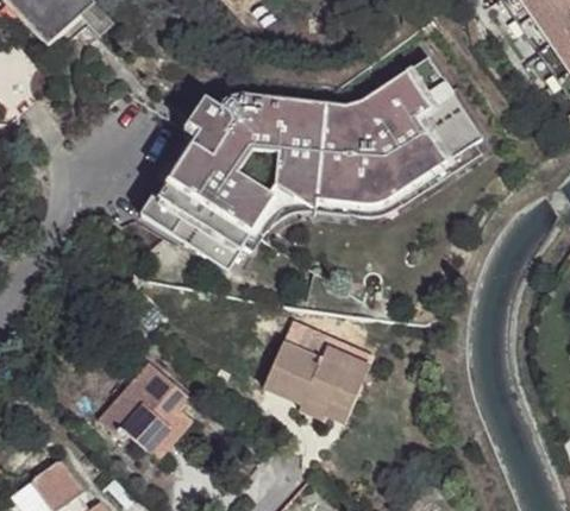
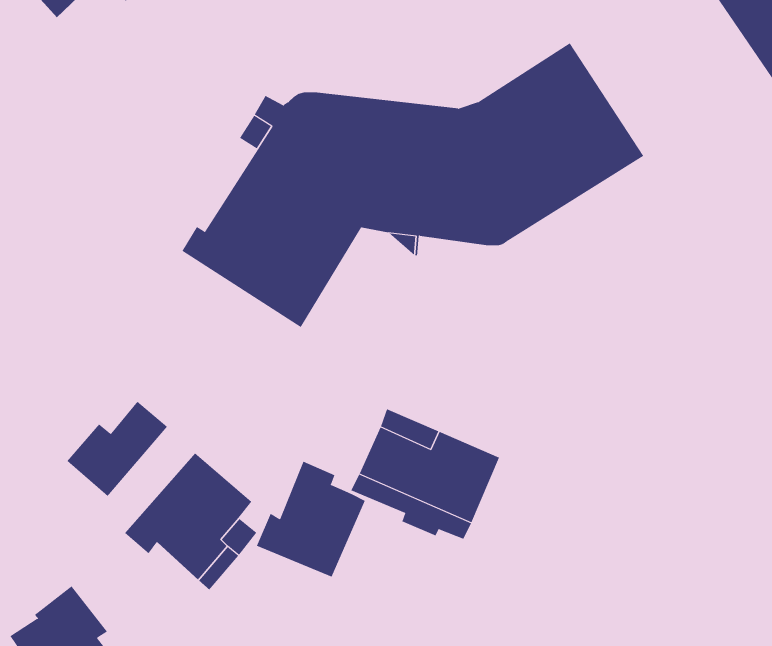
building: none -> [67,401,168,497]
building: none -> [256,461,366,578]

